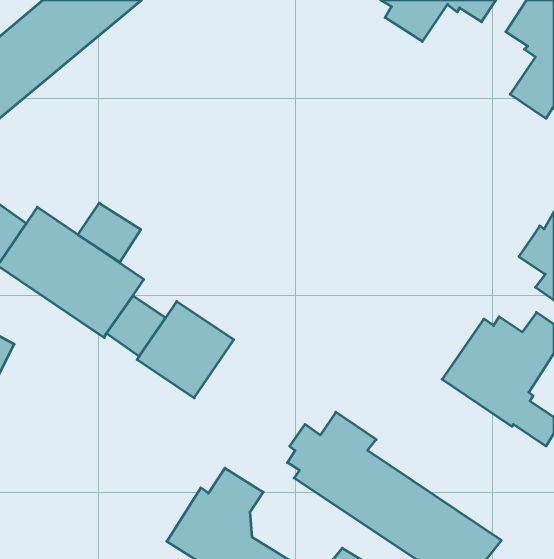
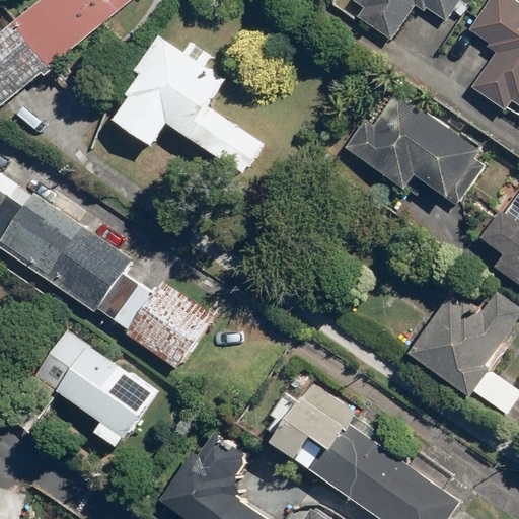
building: none -> [115,36,263,172]
building: none -> [345,92,481,203]
building: [78,203,141,262] -> none
building: none -> [15,329,158,448]

